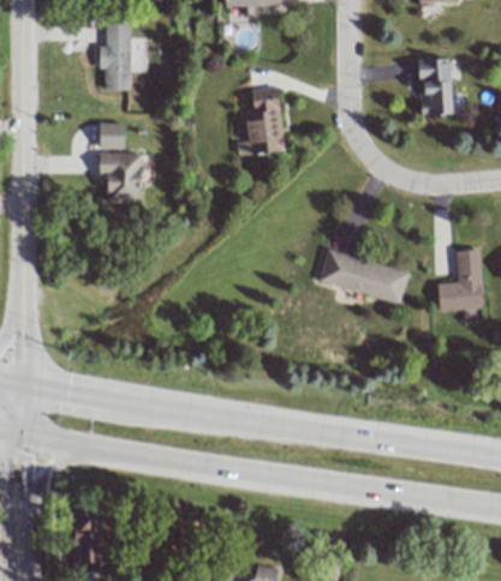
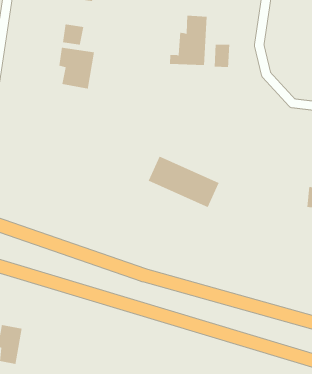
building: none -> [214,44,230,68]
building: [318,248,410,305] -> [148,156,220,208]

